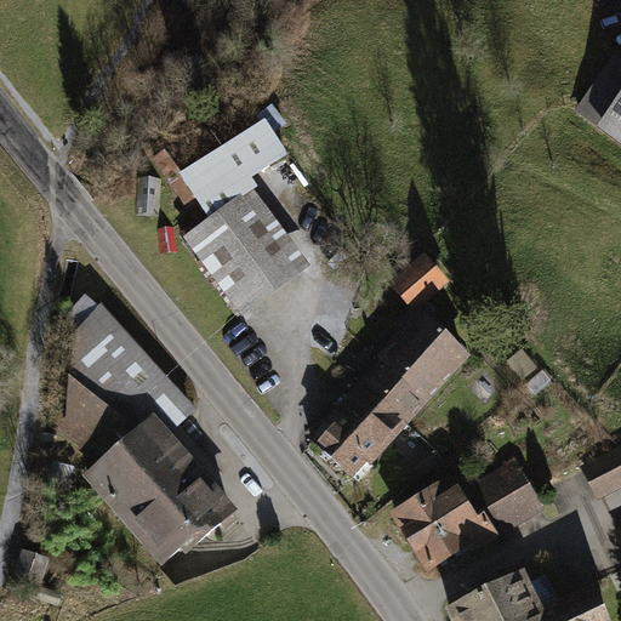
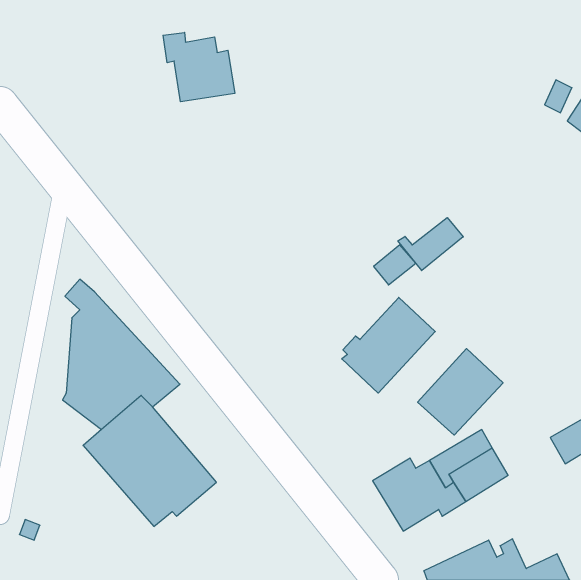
building: none -> [163,32,235,102]
building: [183,124,297,304] -> none
building: none -> [398,218,463,271]
building: [313,382,404,474] -> [418,349,503,435]

